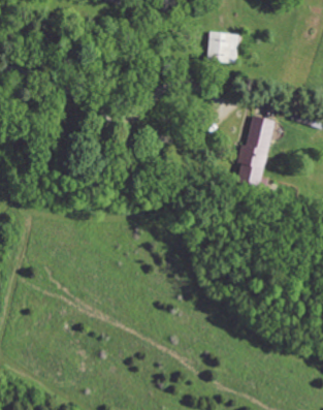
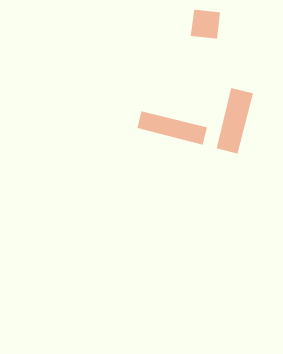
building: none -> [137,110,207,146]

